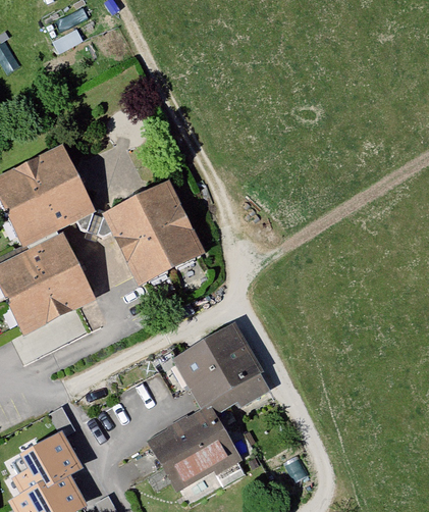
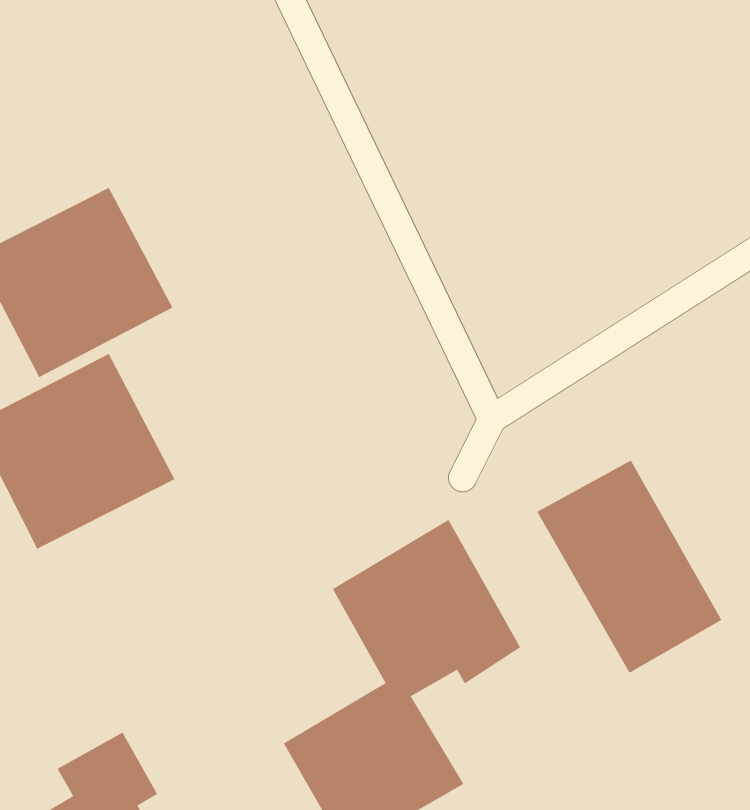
building: [100,181,204,287] -> none
building: none -> [536,460,723,674]

